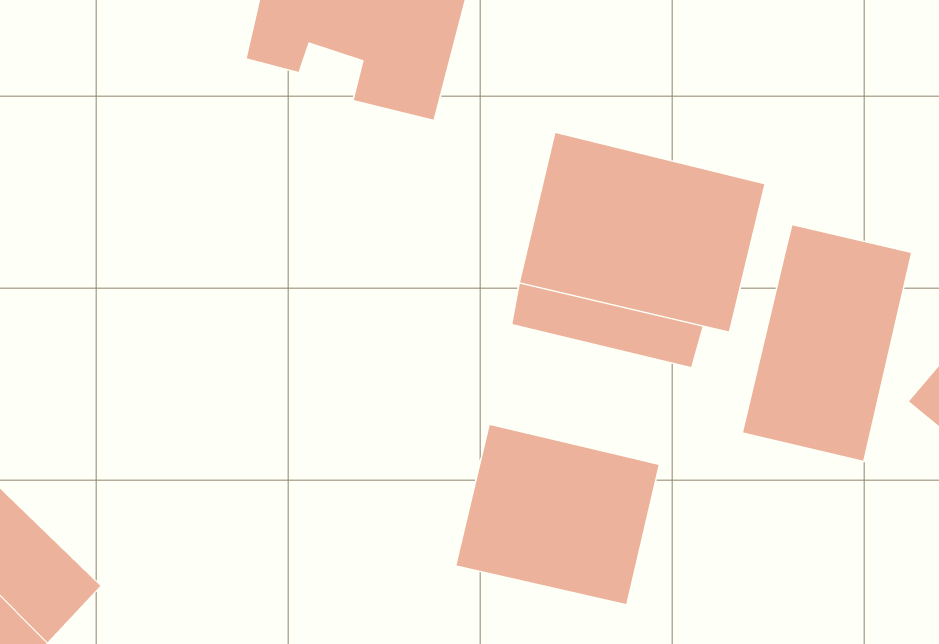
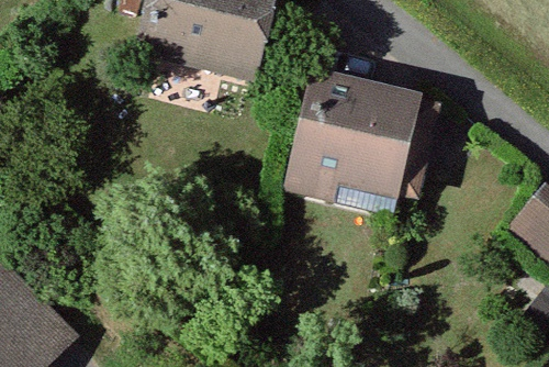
building: [742,225,912,462] -> none
building: [456,424,660,605] -> none

